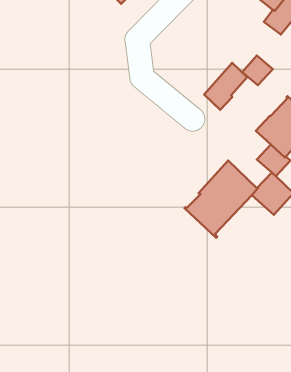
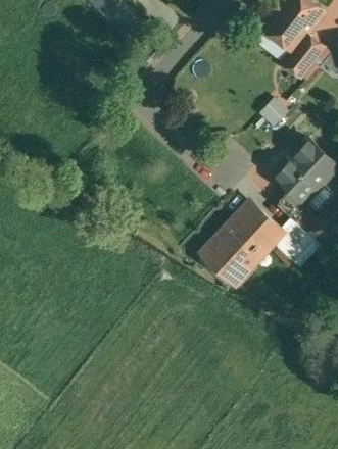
building: [204,63,247,110] -> none

